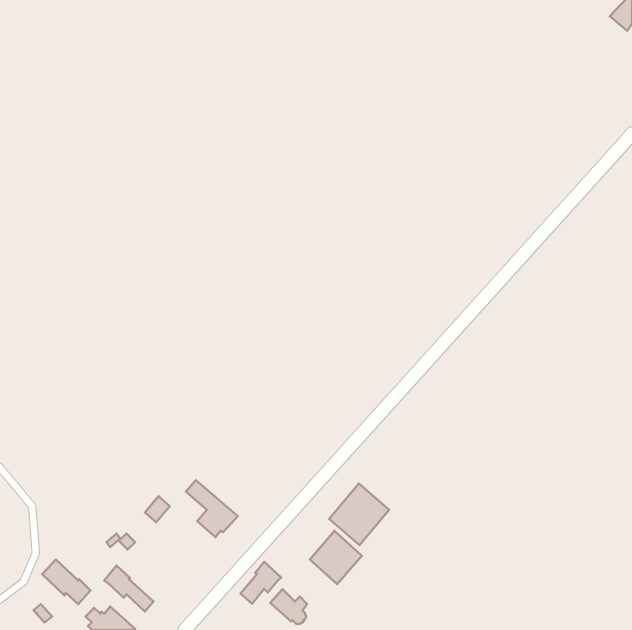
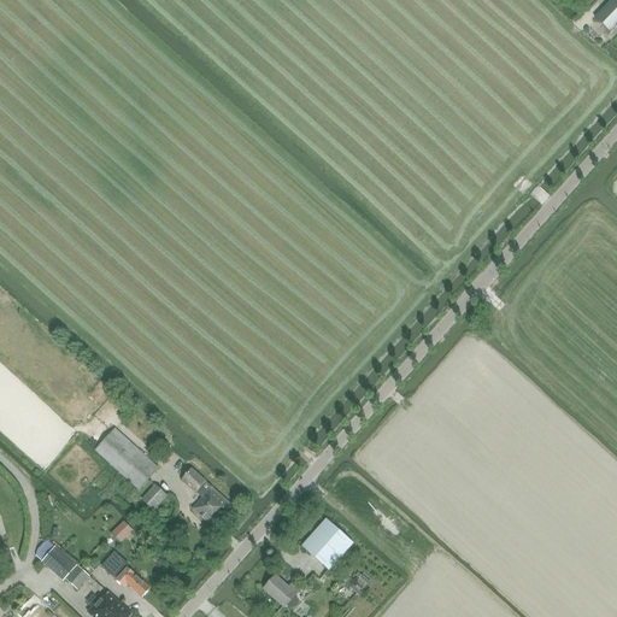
building: none -> [94,427,158,488]
building: [329,483,389,545] -> none
building: [240,562,281,604] -> none

